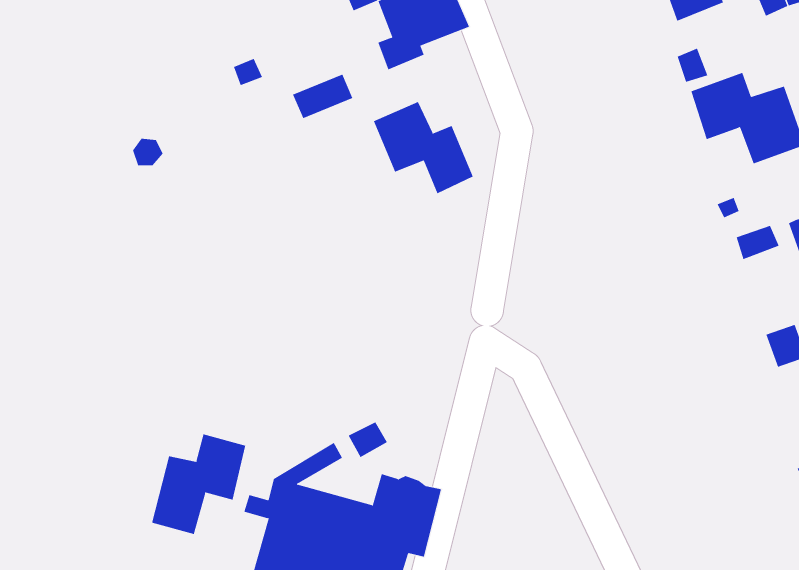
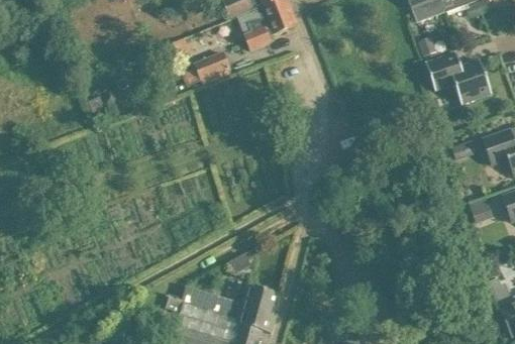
building: [373,101,474,194] -> none
building: [152,433,246,535] -> none

